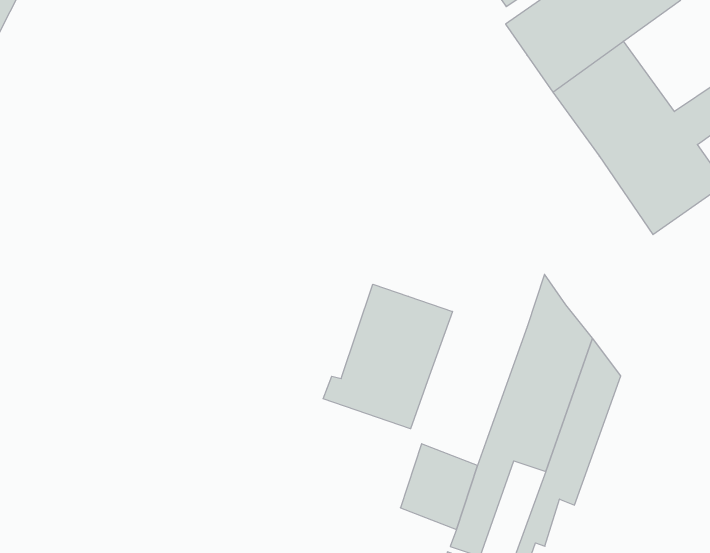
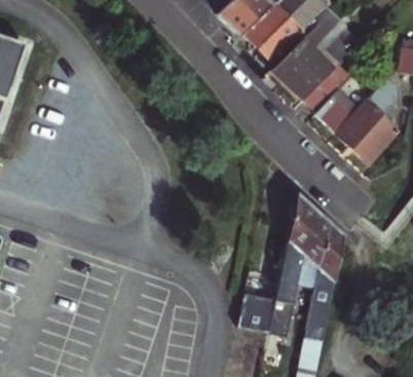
building: [323,284,452,429] -> none

